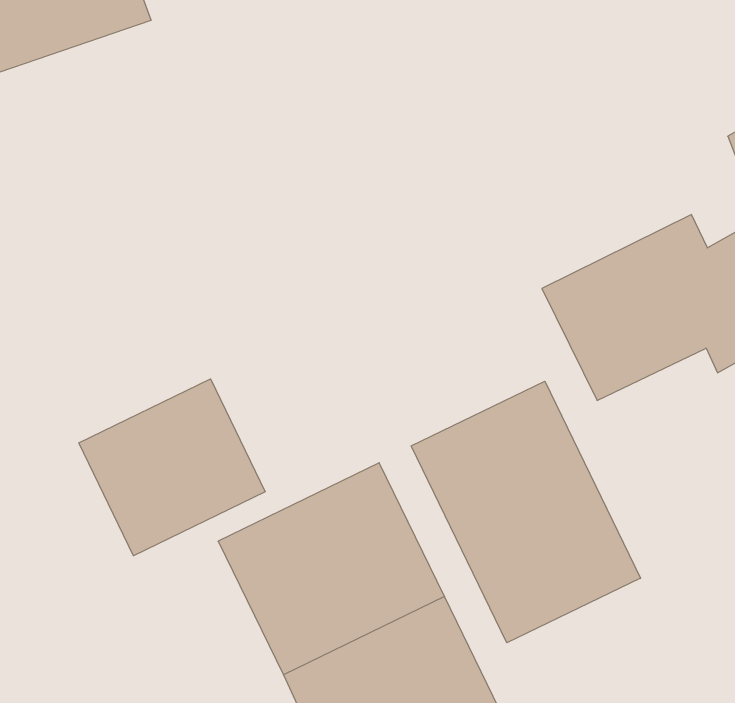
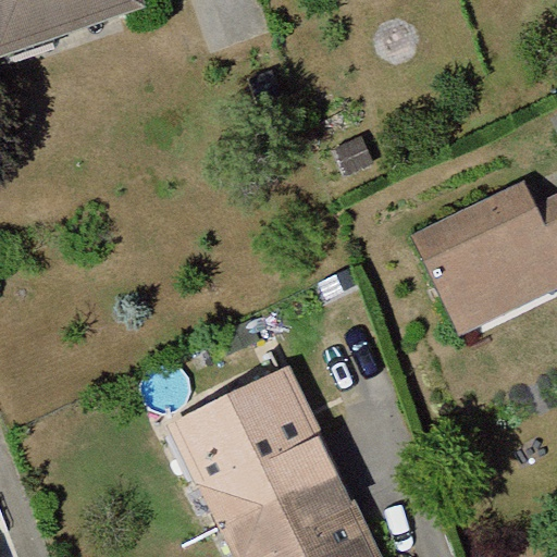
building: [79,379,265,556] -> none
building: [411,381,641,643] -> none

